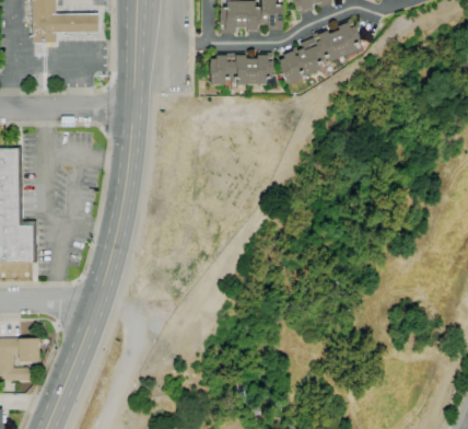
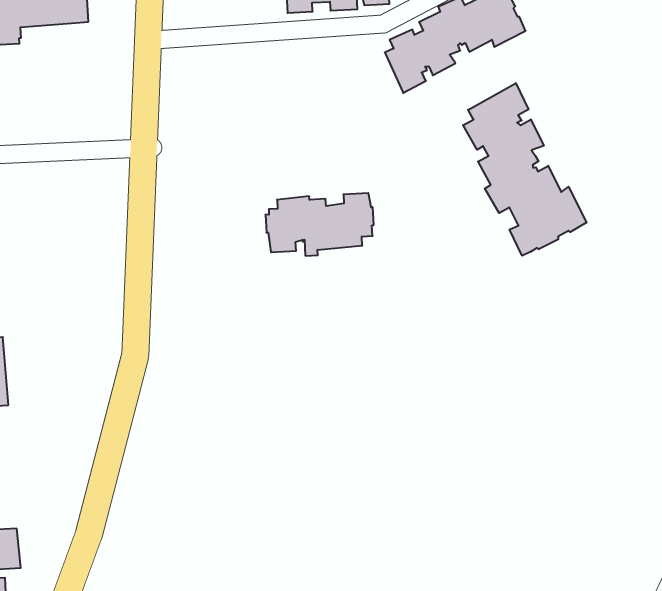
building: [208,53,273,89] -> [265,193,374,256]
building: none -> [463,83,587,256]

